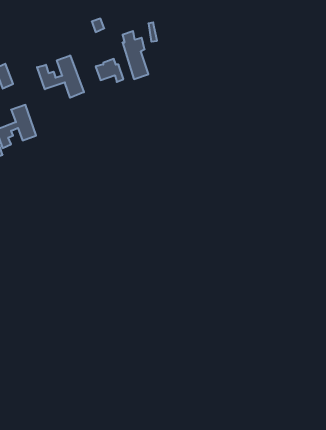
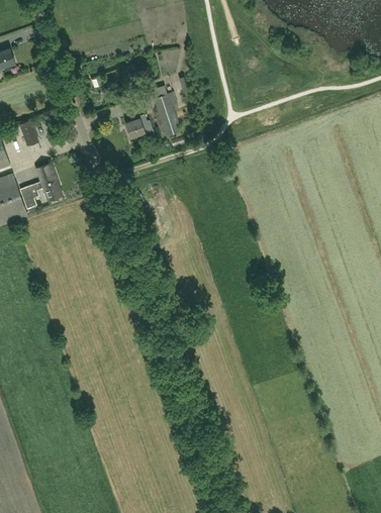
building: [37,55,84,98] -> none

